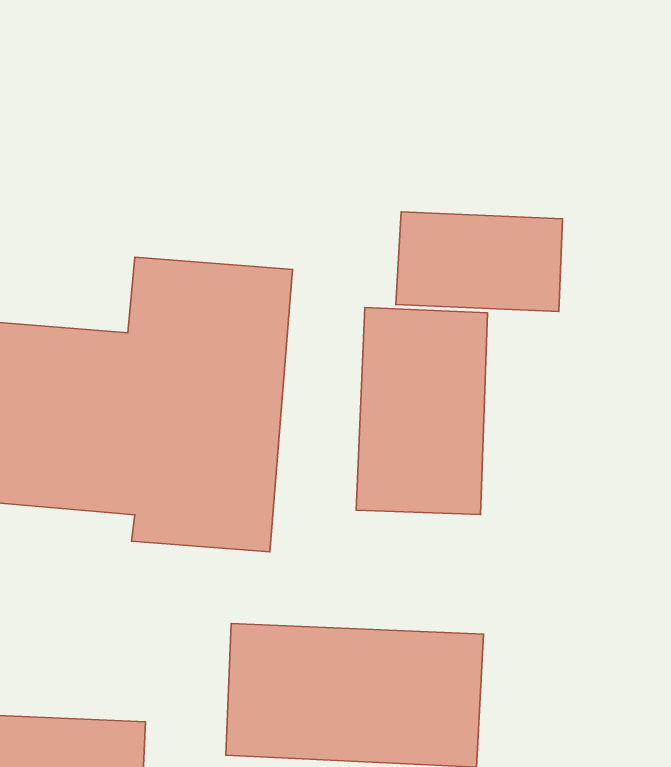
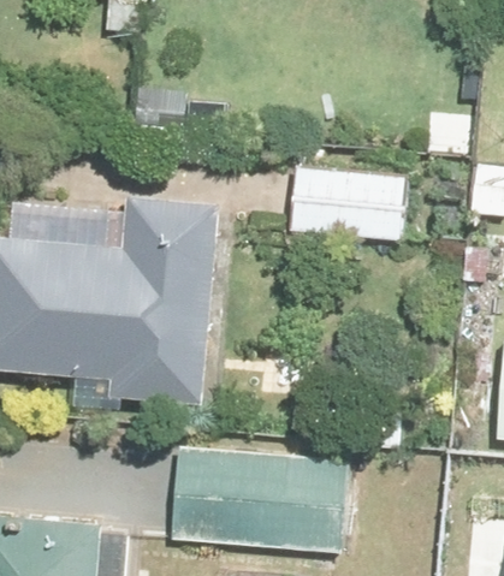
building: [356,308,487,514] -> none

